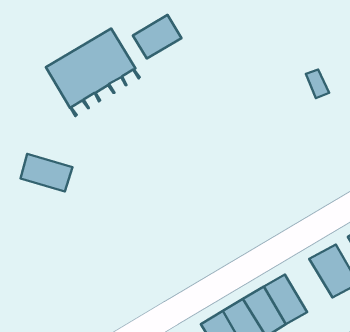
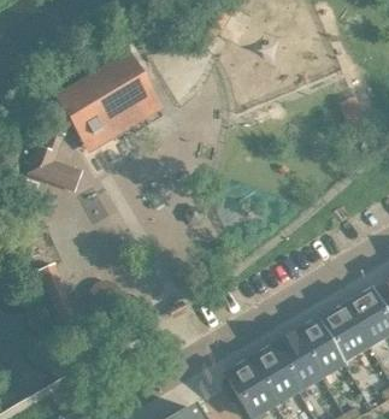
building: [133,15,181,59] -> none
building: [20,154,72,192] -> [28,147,84,188]
building: none -> [317,303,369,362]

